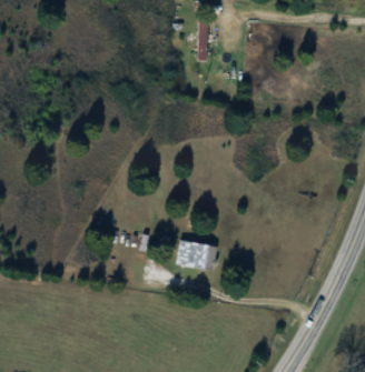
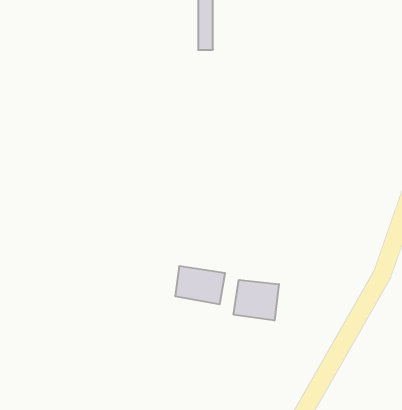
building: none -> [234,280,279,321]

